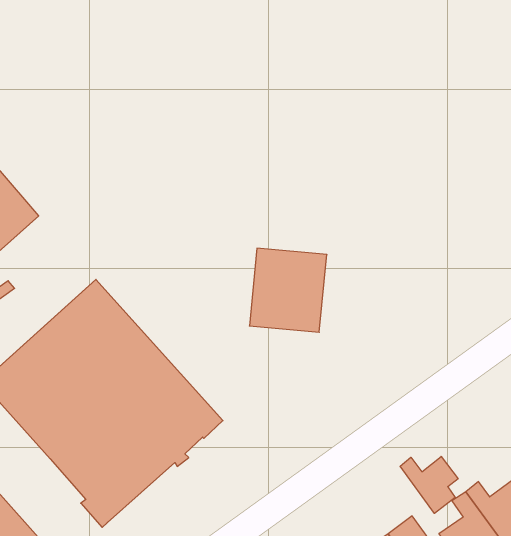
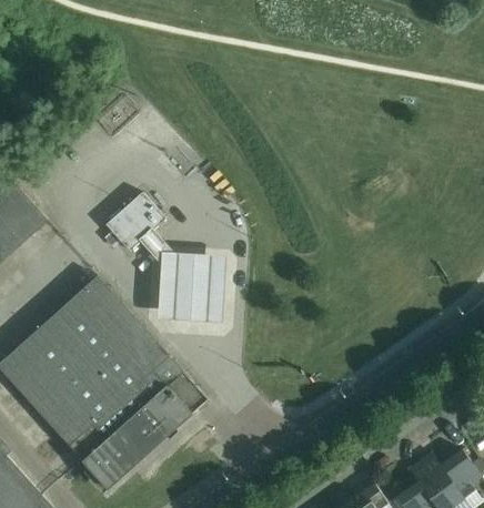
building: none -> [104,193,165,252]
building: [249,248,327,332] -> [155,253,223,326]
building: [400,456,458,513] -> none

